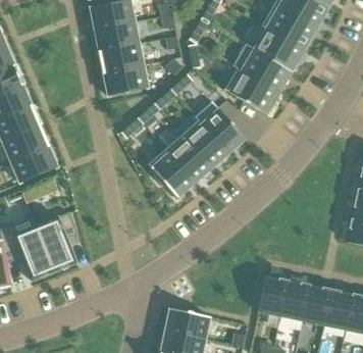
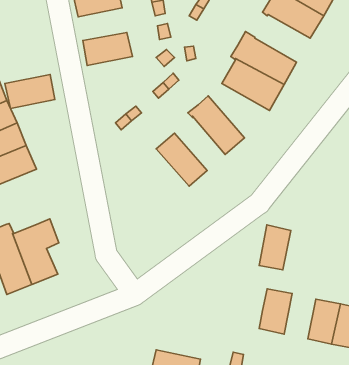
building: [95,21,139,51] -> none
building: [254,28,304,70] -> none
building: [103,65,148,96] -> [5,75,55,108]
building: [182,119,227,168] -> none
building: [148,149,195,198] -> none
building: [280,280,309,320] -> [259,225,291,270]
building: [165,308,210,339] -> none

